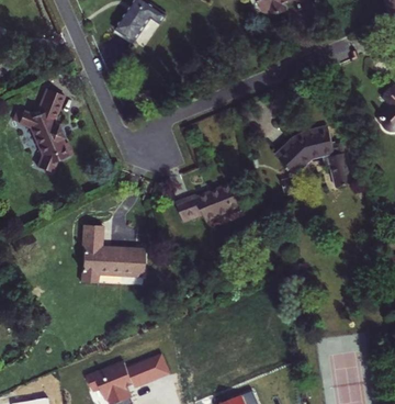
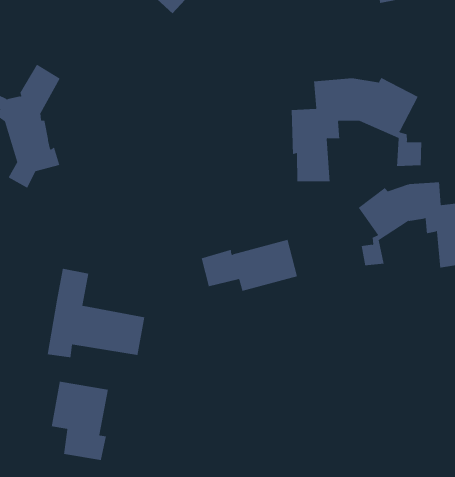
building: none -> [291,77,422,182]
building: none -> [51,381,108,461]

